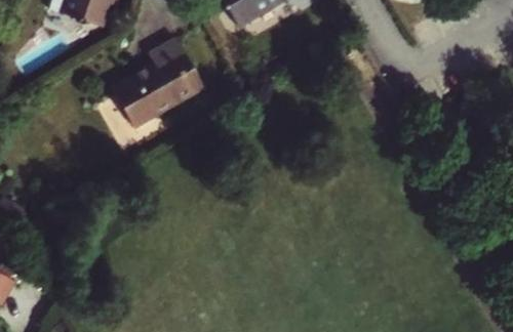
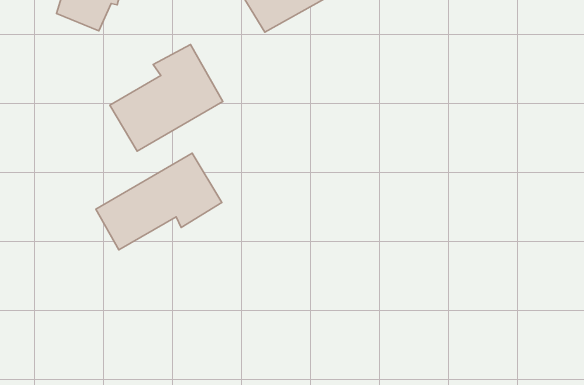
building: none -> [96,153,222,250]

